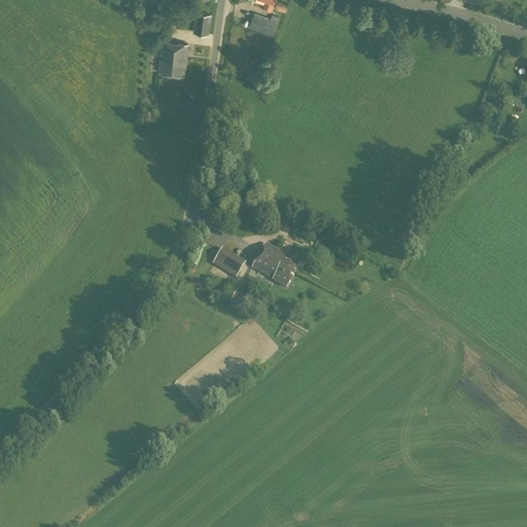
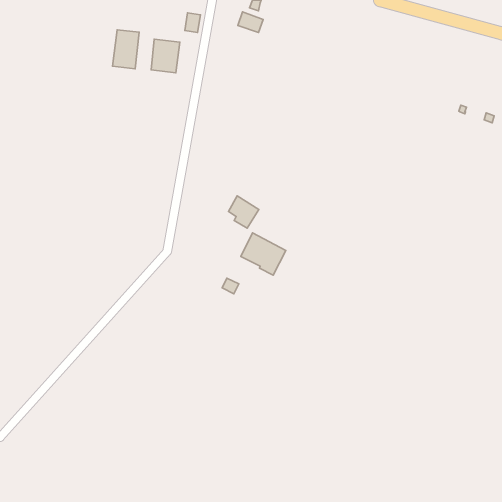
building: none -> [112,30,139,69]
building: [213,248,245,282] -> [228,196,259,228]

